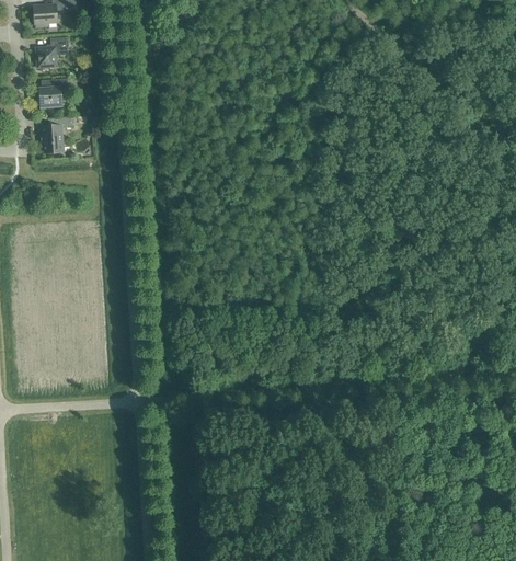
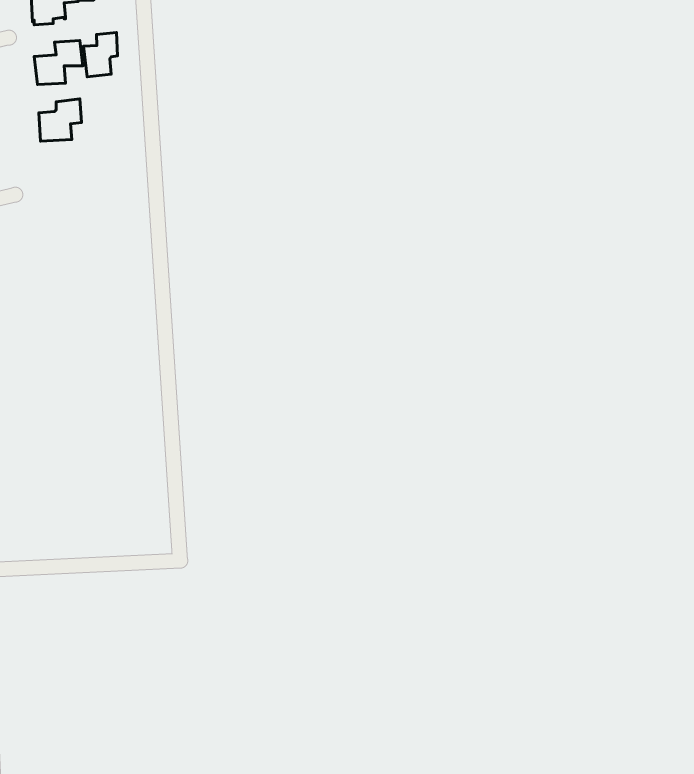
building: none -> [84,32,118,77]
building: [41,117,73,153] -> none

